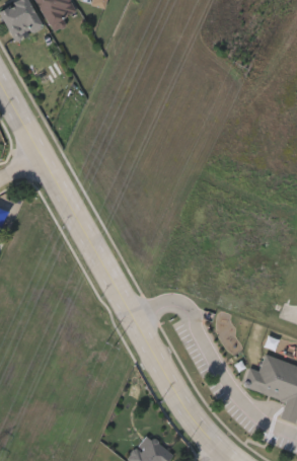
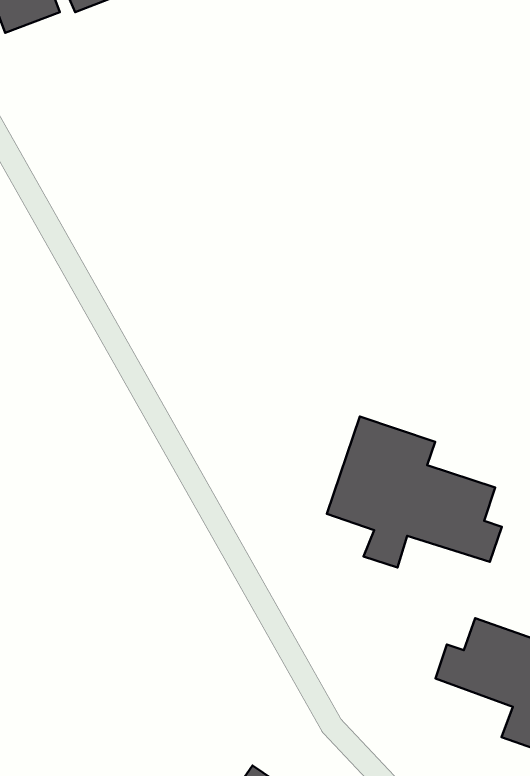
building: none -> [327,416,502,568]

